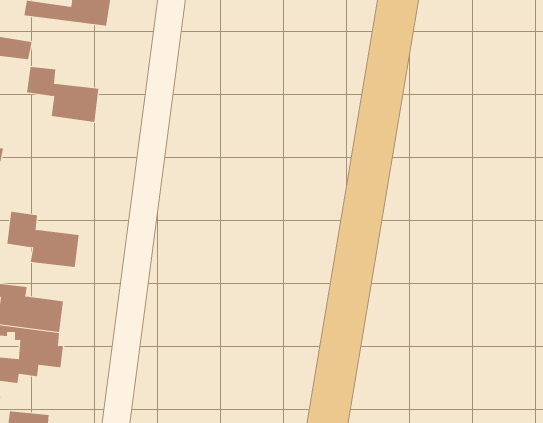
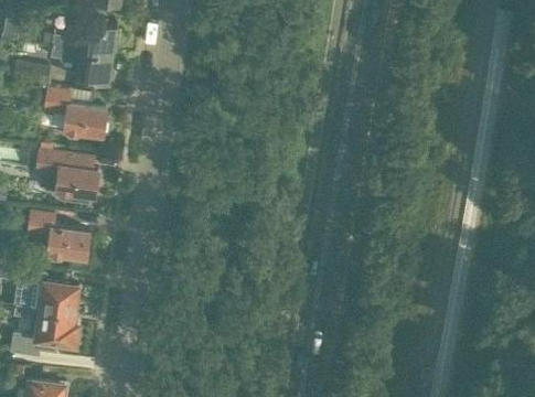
building: none -> [41,46,113,85]
building: none -> [36,150,98,204]

